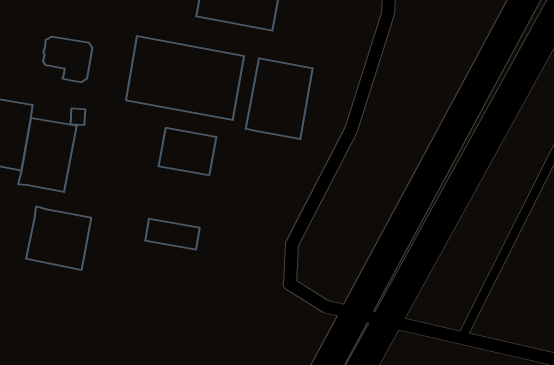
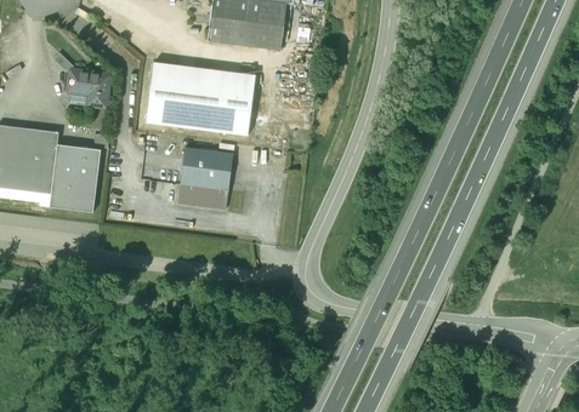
building: [246,58,313,139] -> none
building: [26,206,91,270] -> none
building: [145,219,200,250] -> [177,183,228,210]

